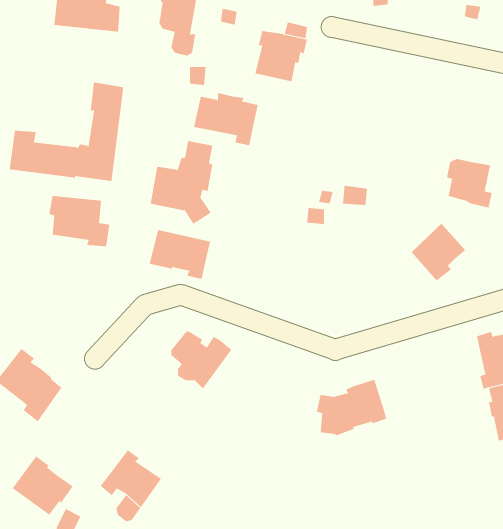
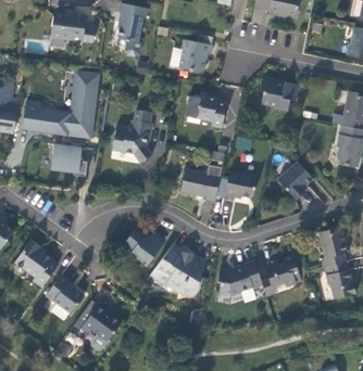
building: [193,93,258,146] -> [186,93,227,127]
building: [446,158,492,208] -> [261,77,290,108]
building: [149,230,211,279] -> [182,168,221,200]
building: none -> [225,171,256,196]
building: none -> [151,242,204,294]
building: none -> [262,254,299,295]
building: [12,455,74,516] -> [46,274,85,312]

